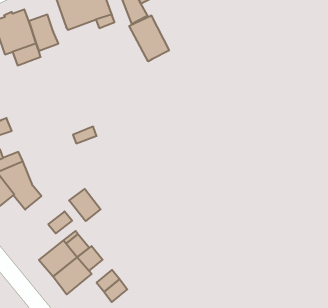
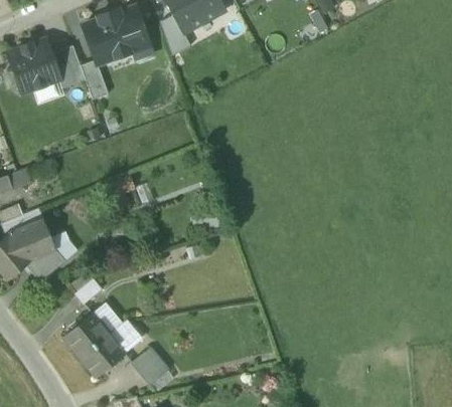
building: [129,15,169,61] -> none
building: none -> [80,61,108,100]
building: [69,189,101,221] -> none

